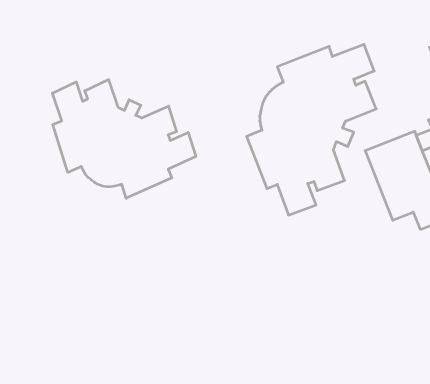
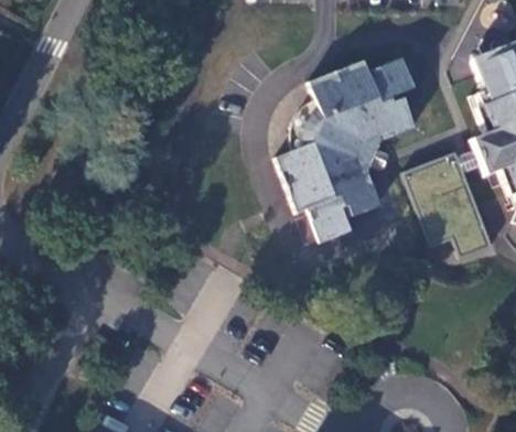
building: [52,80,196,198] -> none

